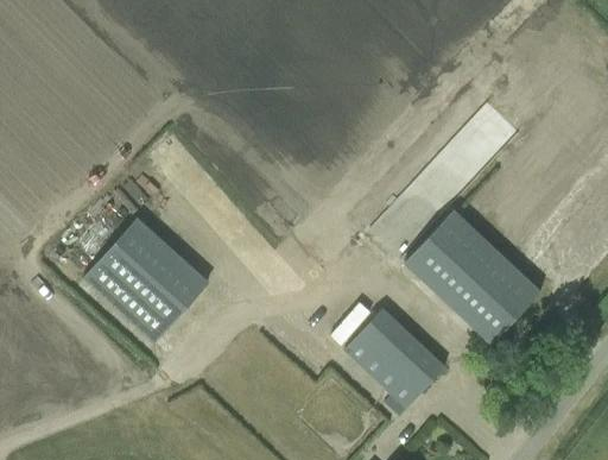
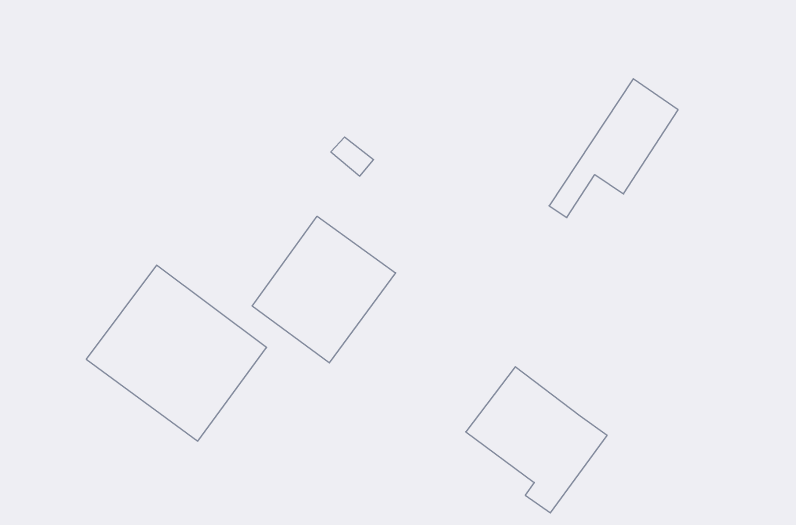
building: none -> [252,216,396,363]
building: [406,210,540,342] -> none

